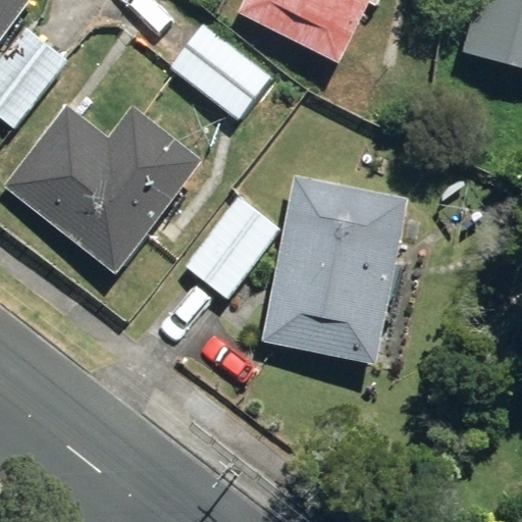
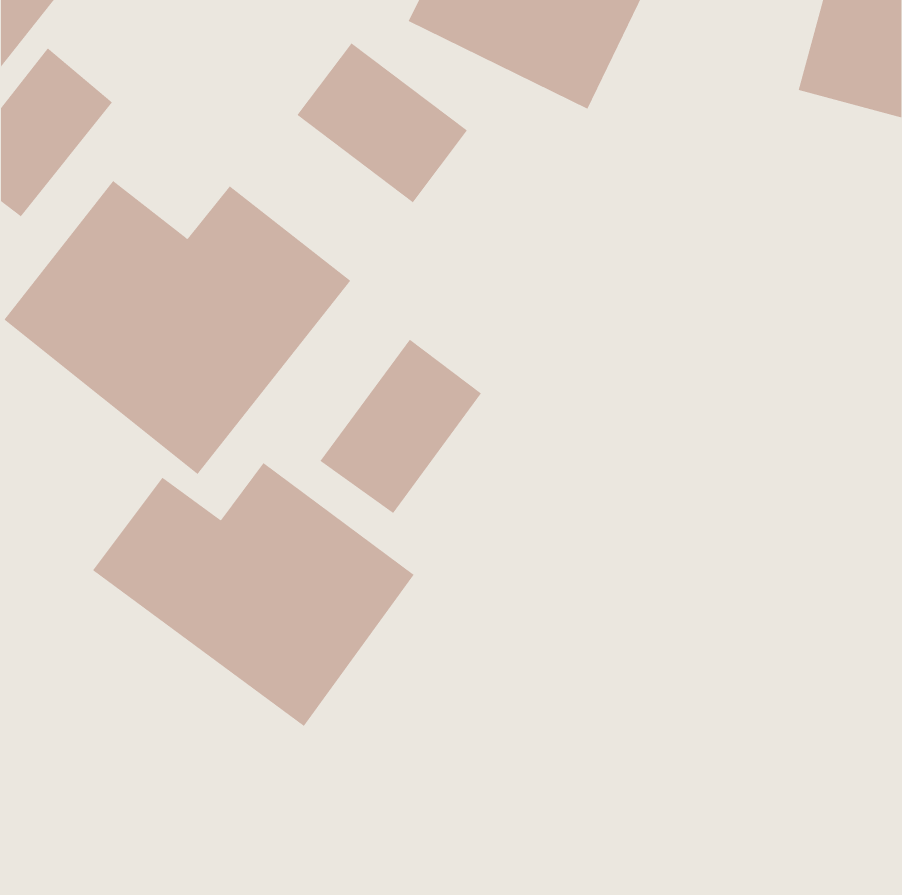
building: [262,176,410,363] -> none
building: none -> [92,462,415,727]

